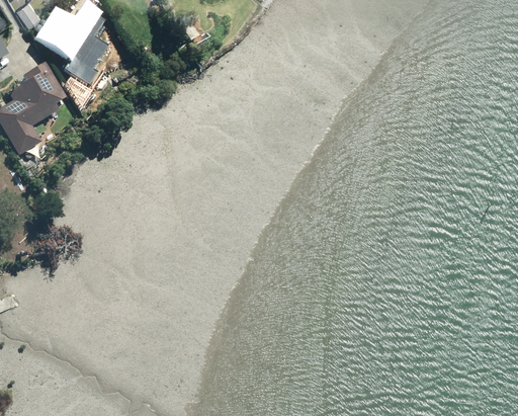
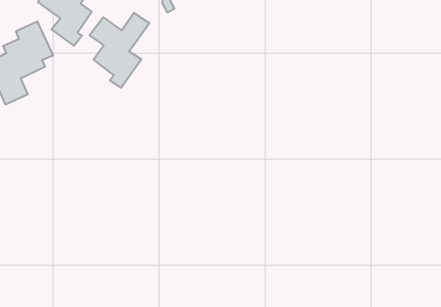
building: none -> [90,13,149,88]

